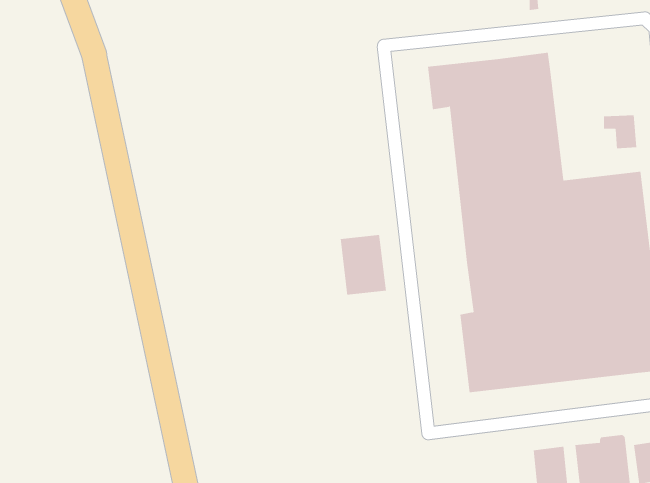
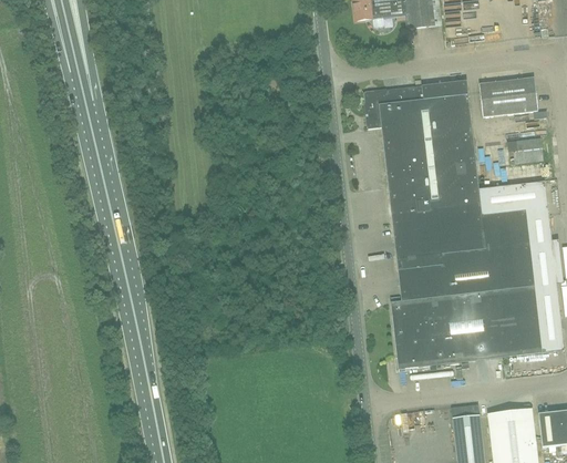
building: none -> [480,76,538,116]
building: [340,234,386,295] -> none

